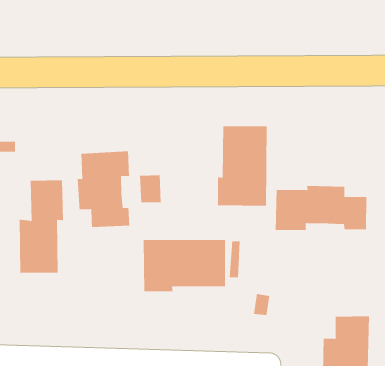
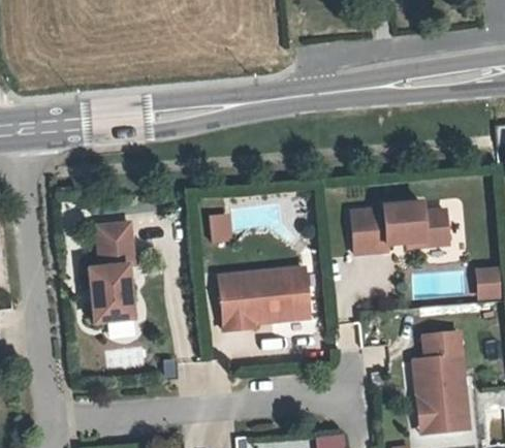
building: [217,126,267,206] -> none
building: [77,150,130,228] -> none

